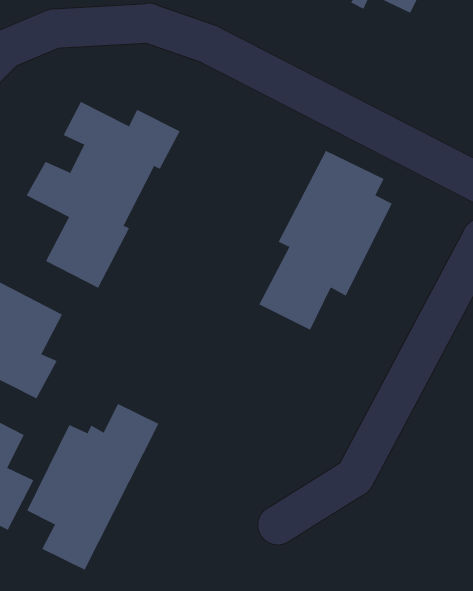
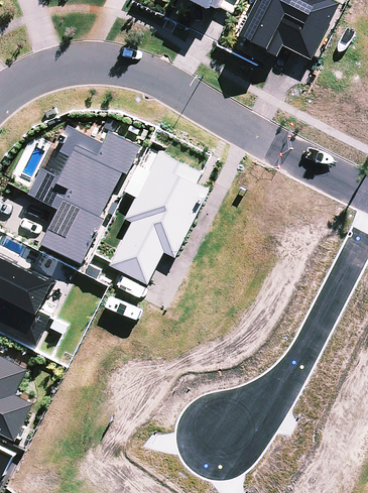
building: [259,150,393,331] -> [109,150,208,283]
building: [26,403,159,571] -> none

